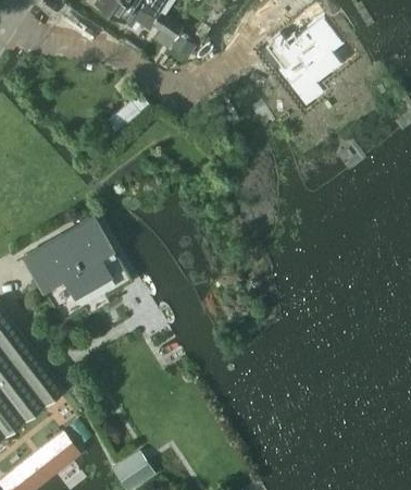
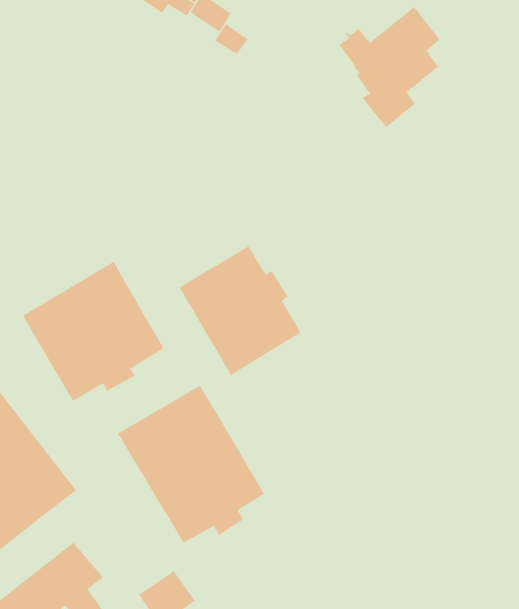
building: none -> [179,245,301,376]
building: none -> [117,385,265,544]

